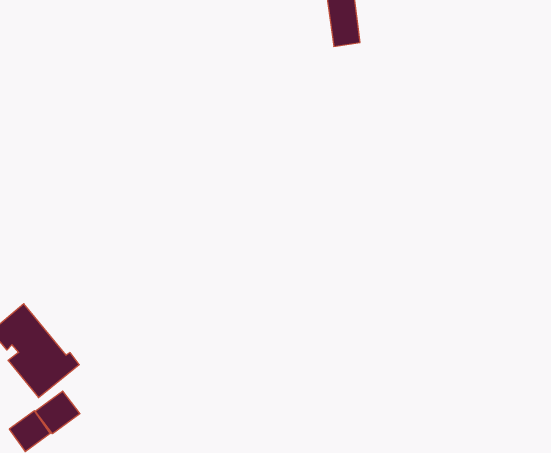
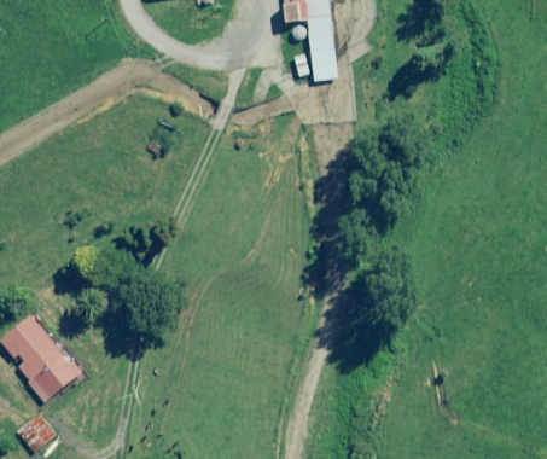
building: [35,391,80,434] -> none

